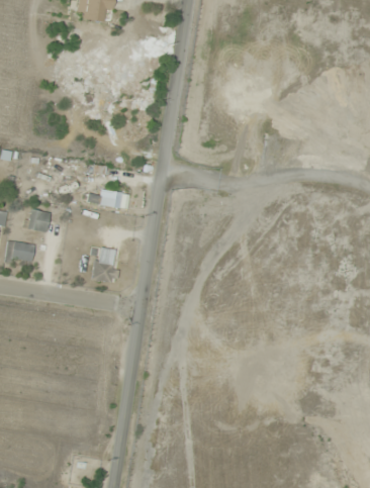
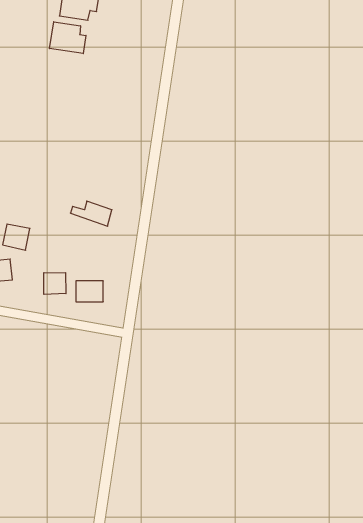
building: none -> [49,22,86,54]
building: none -> [44,273,66,294]

